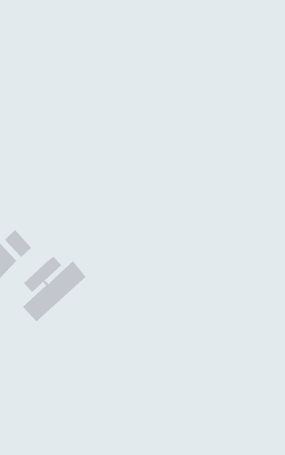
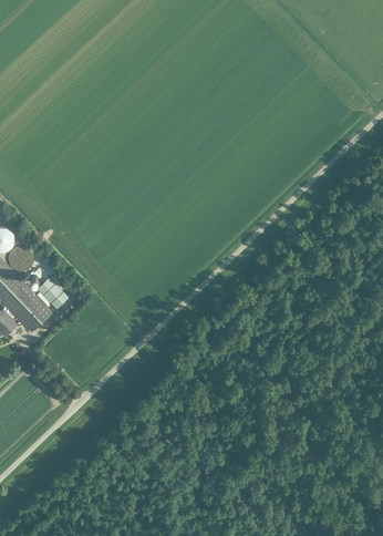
building: [22,256,87,322] -> none

